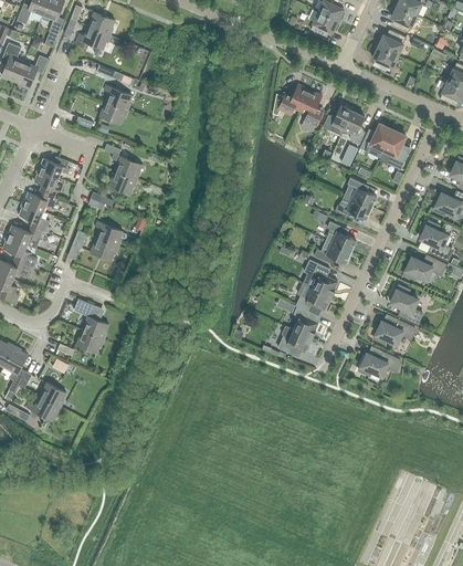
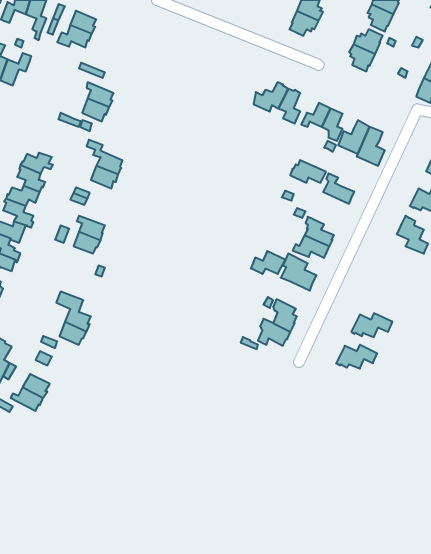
building: [335,196,371,219] -> [290,160,326,183]
building: [403,255,445,280] -> none
building: [390,284,422,323] -> none
building: [296,287,332,311] -> [251,251,286,274]

